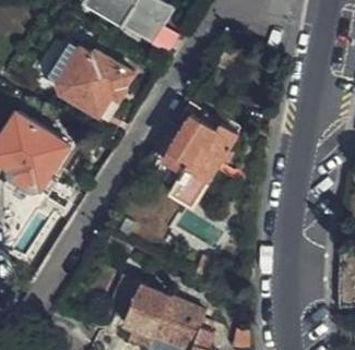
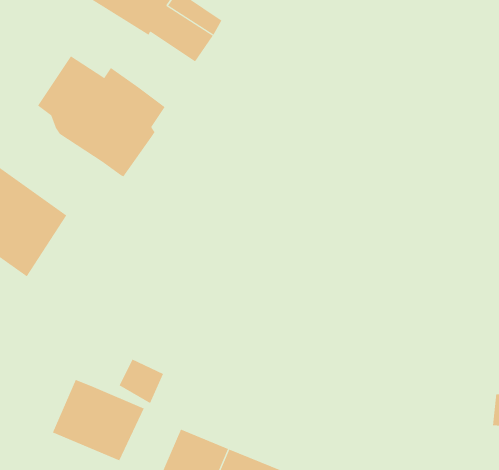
building: [150,109,235,205] -> none
building: none -> [52,379,145,461]

